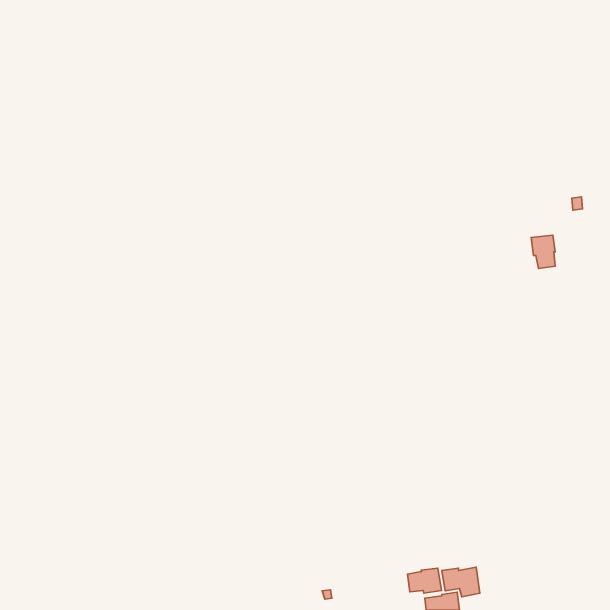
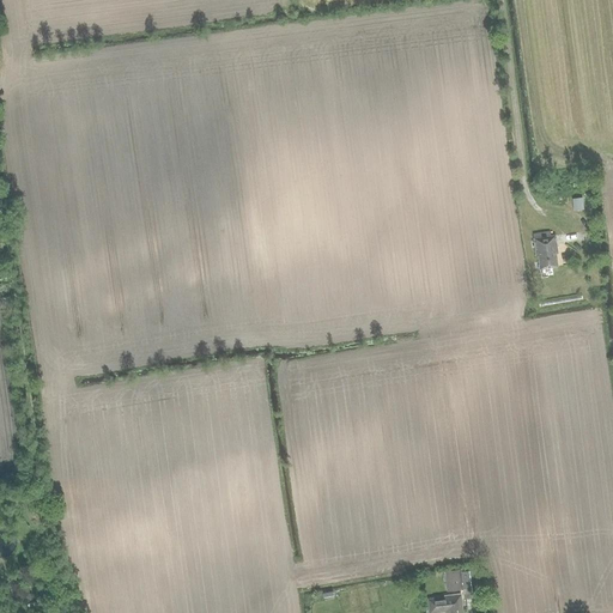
building: [408,568,442,593] -> none

